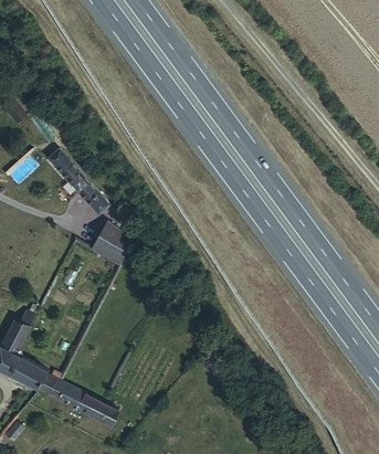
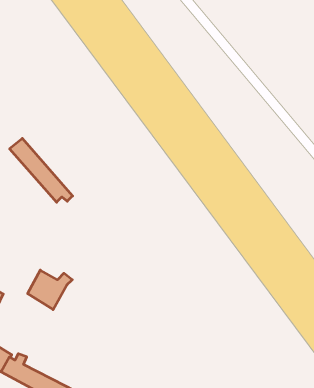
building: [95,224,141,265] -> [28,270,72,310]

